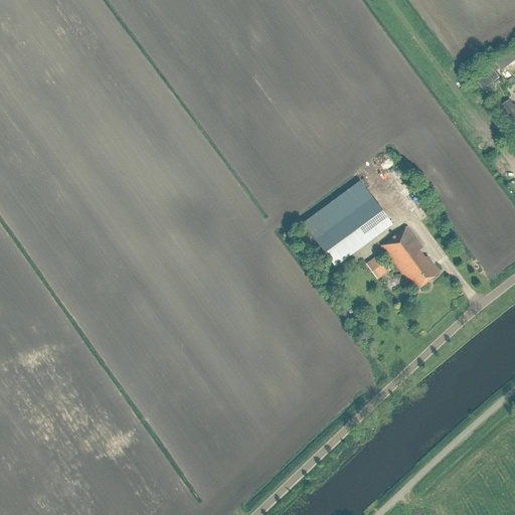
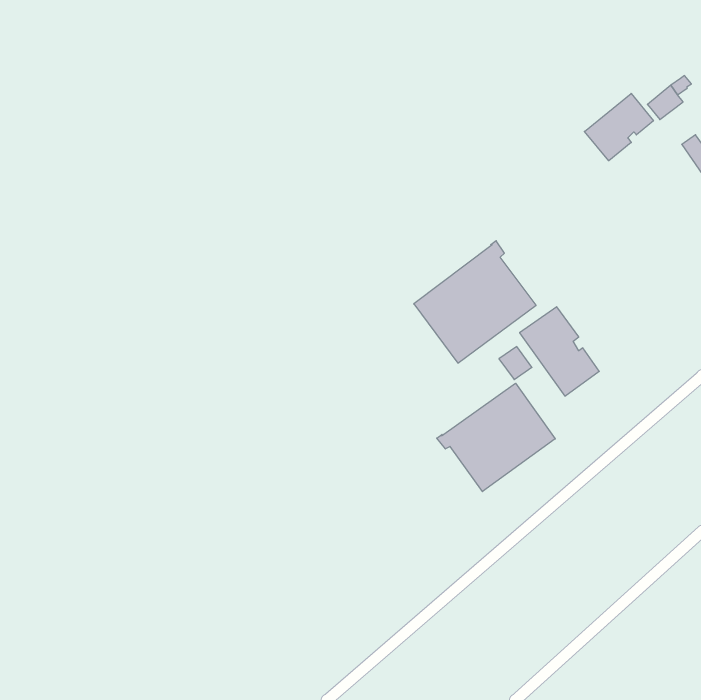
building: none -> [584,93,653,161]
building: none -> [437,383,555,492]

